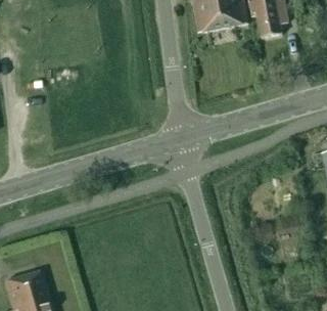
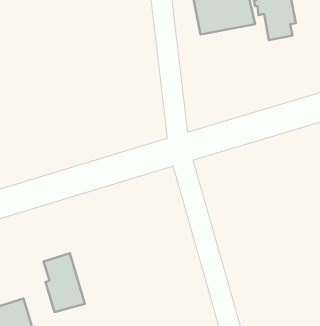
building: none -> [43,253,85,312]

